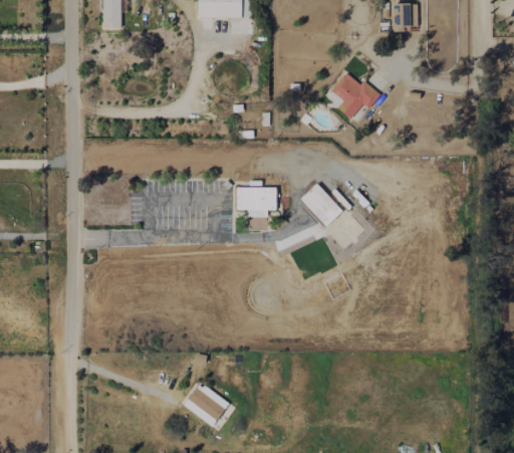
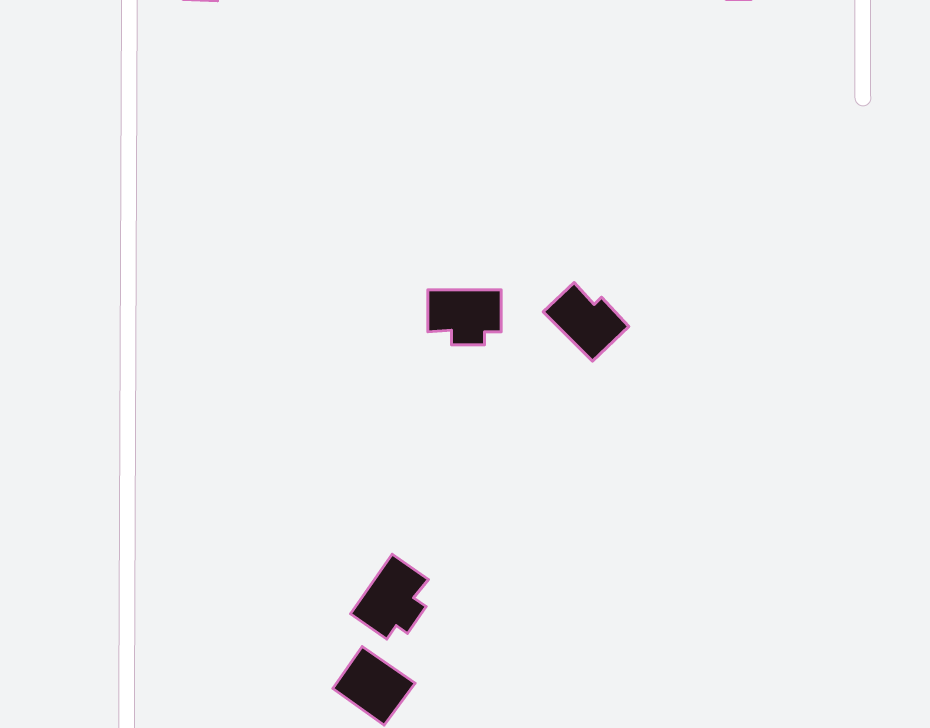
building: [331,72,380,119] -> none
building: none -> [351,554,428,639]

